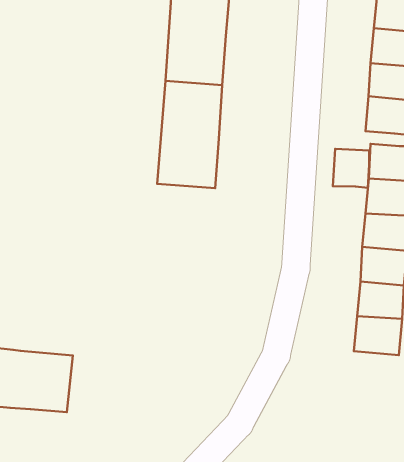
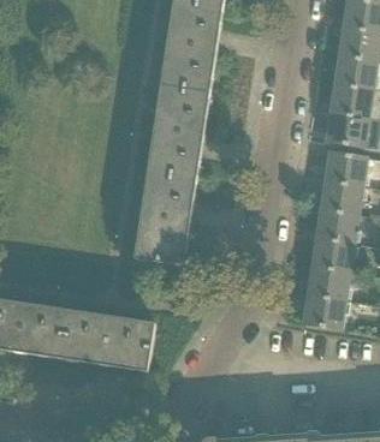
building: [333,149,369,188] -> none
building: none -> [136,171,197,264]
building: none -> [60,309,155,370]

